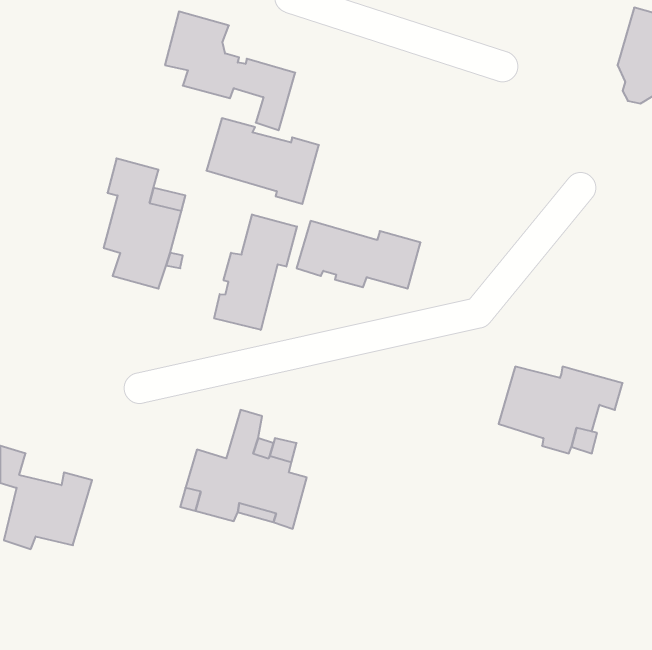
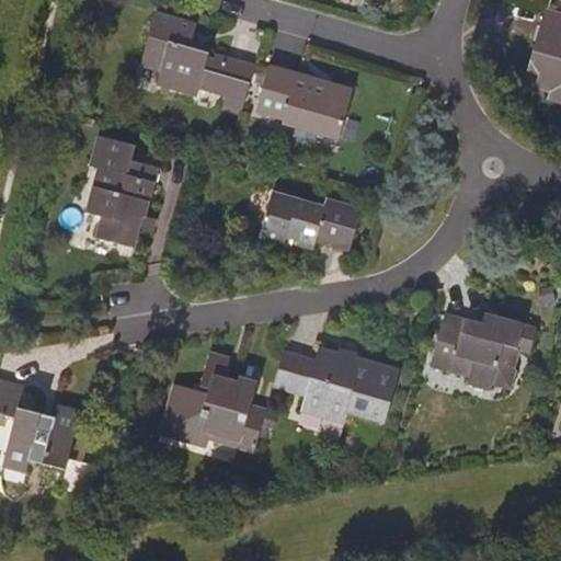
building: [206,118,319,204] -> [255,62,352,136]
building: [214,214,297,330] -> none
building: none -> [271,348,396,424]

